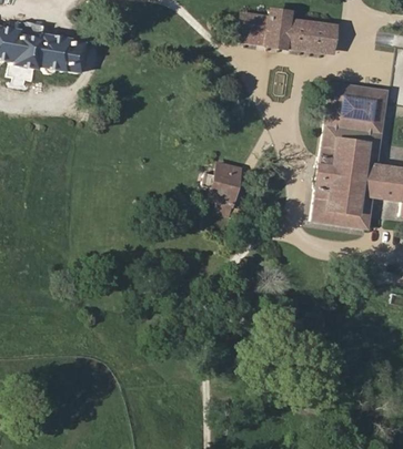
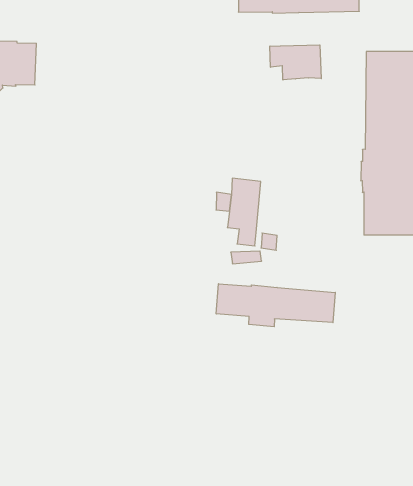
building: none -> [270,45,321,80]
building: none -> [216,284,335,327]

